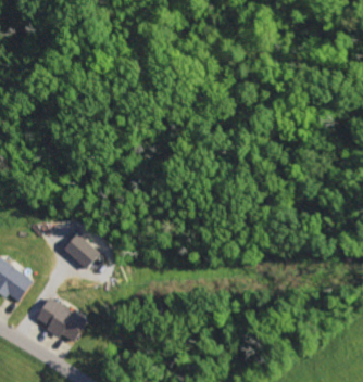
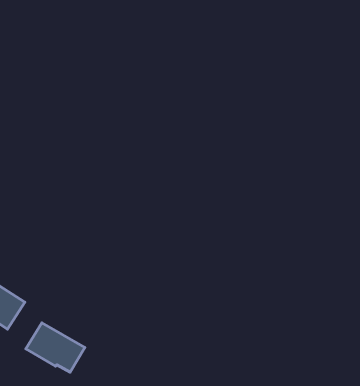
building: [64,232,100,269] -> none

